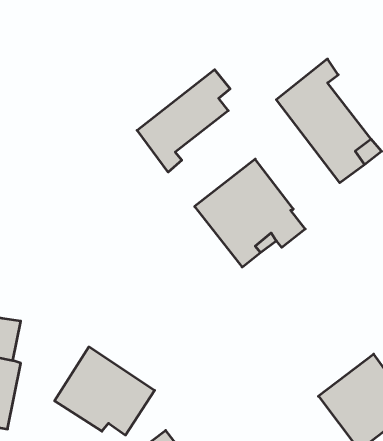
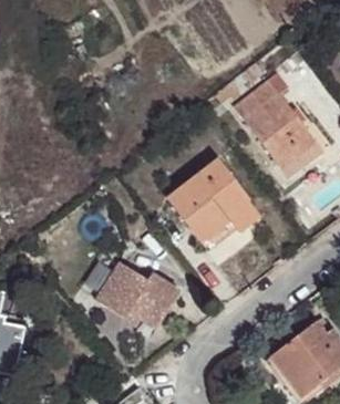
building: [137,70,230,172] -> none
building: [55,347,155,435] -> [95,255,179,329]

